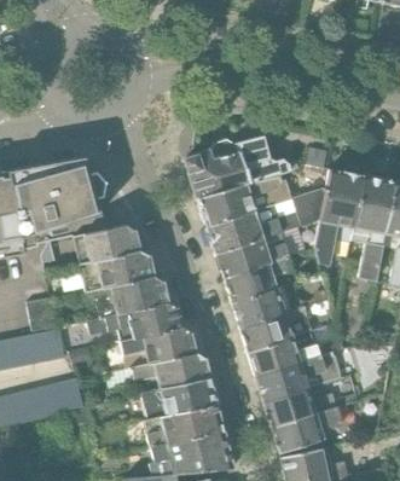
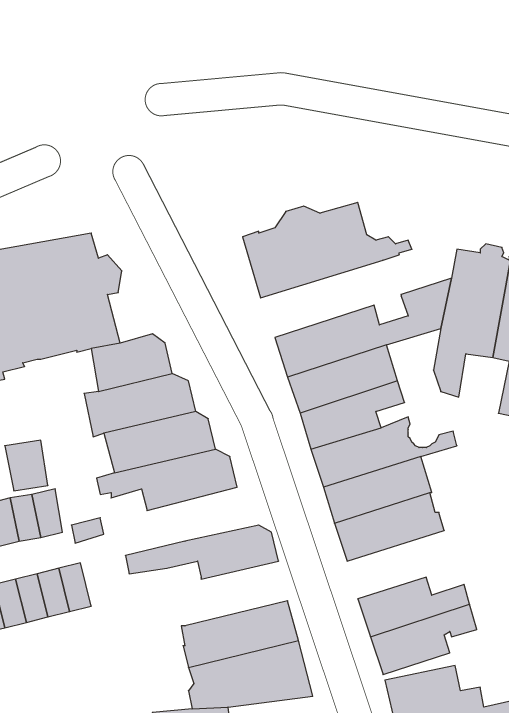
building: [198,175,292,227] -> none
building: [122,328,197,364] -> none
building: [256,353,340,402] -> none
building: [131,377,216,421] -> none

